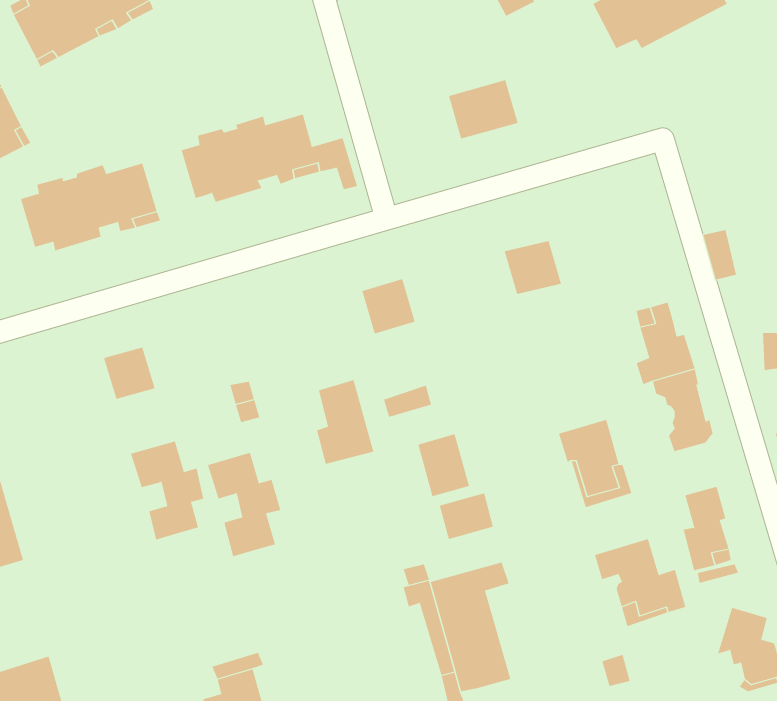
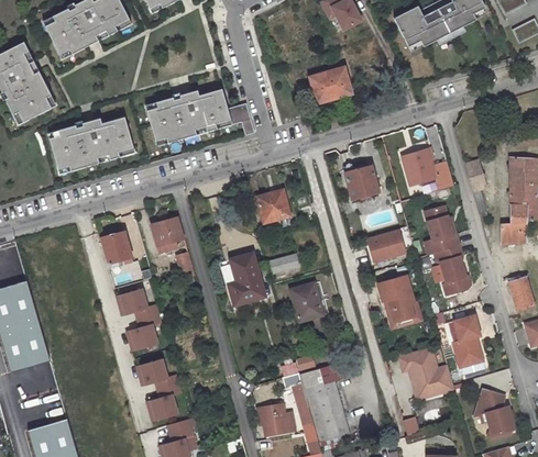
building: none -> [403,147,451,188]
building: none -> [152,214,183,248]
building: none -> [366,227,405,260]
building: [207,452,281,557] -> [136,357,182,421]
building: [439,493,494,540] -> none
building: none -> [257,400,292,430]

